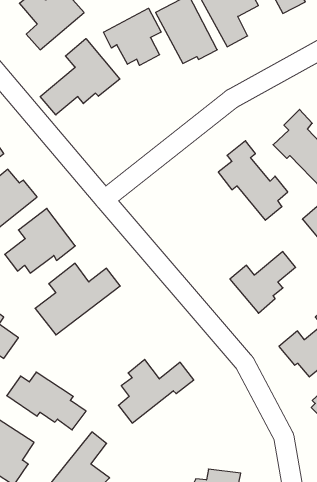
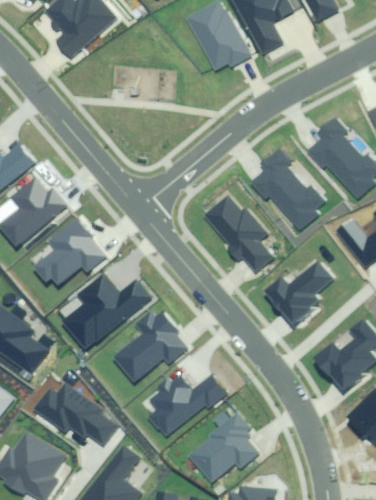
building: [104,8,161,65] -> none
building: [40,39,120,115] -> none
building: none -> [205,195,274,271]
building: none -> [115,310,188,381]
building: none -> [188,411,258,481]

